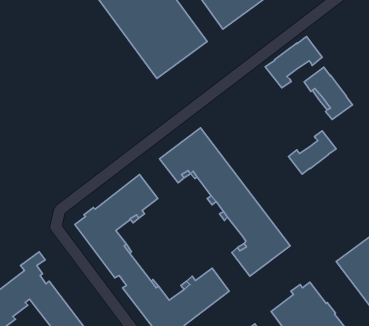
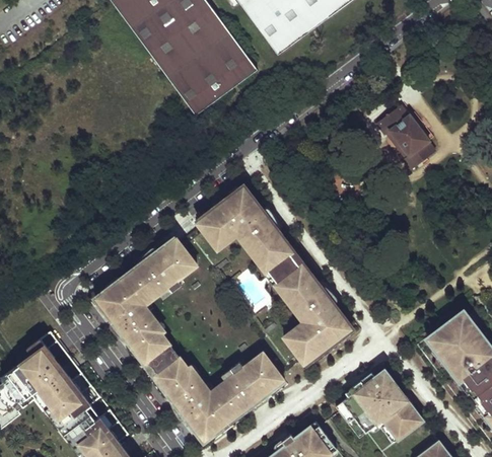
building: [265,36,322,88] -> none
building: [289,131,336,174] -> none

